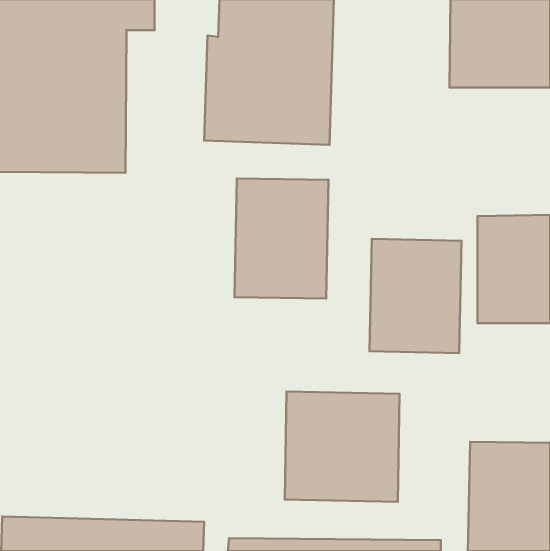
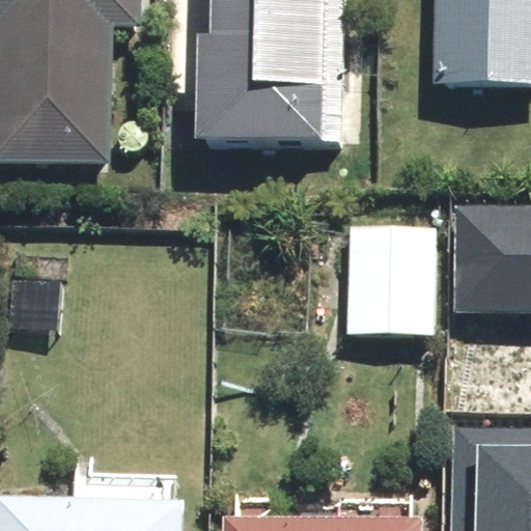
building: [235,179,328,299] -> none
building: [285,392,399,502] -> none

